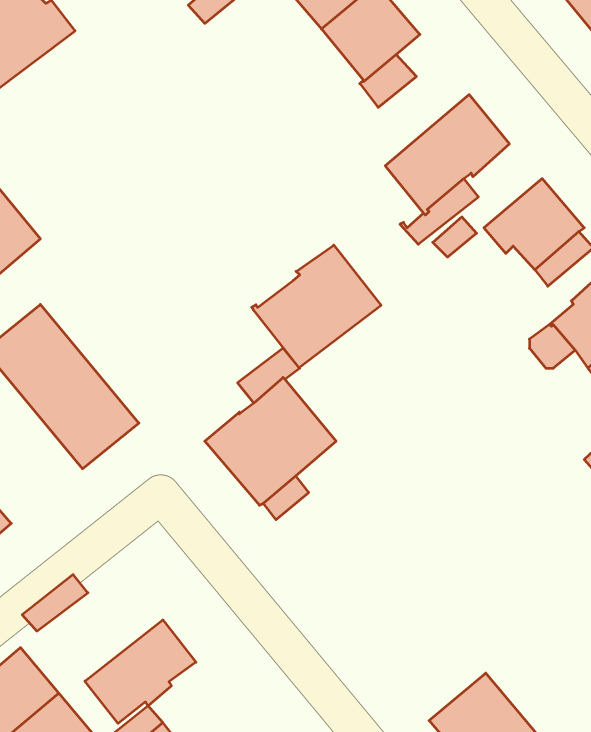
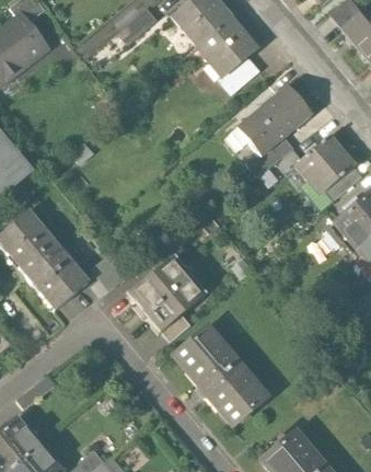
building: [252,245,381,368] -> none
building: none -> [174,327,266,425]
building: [85,620,196,723] -> none

